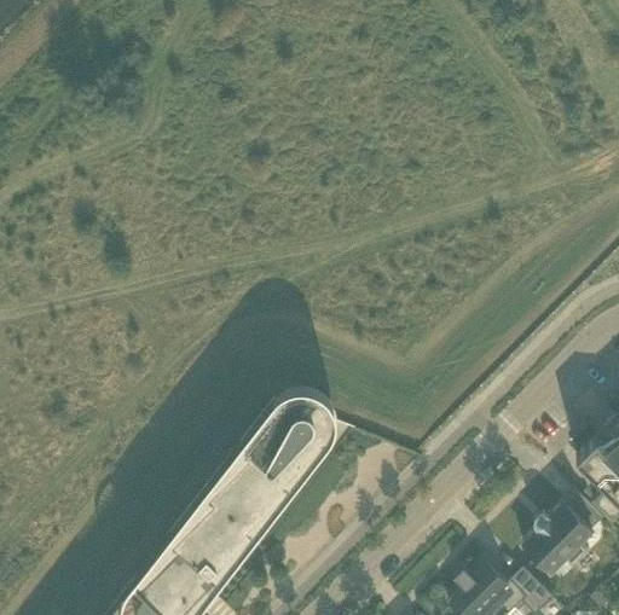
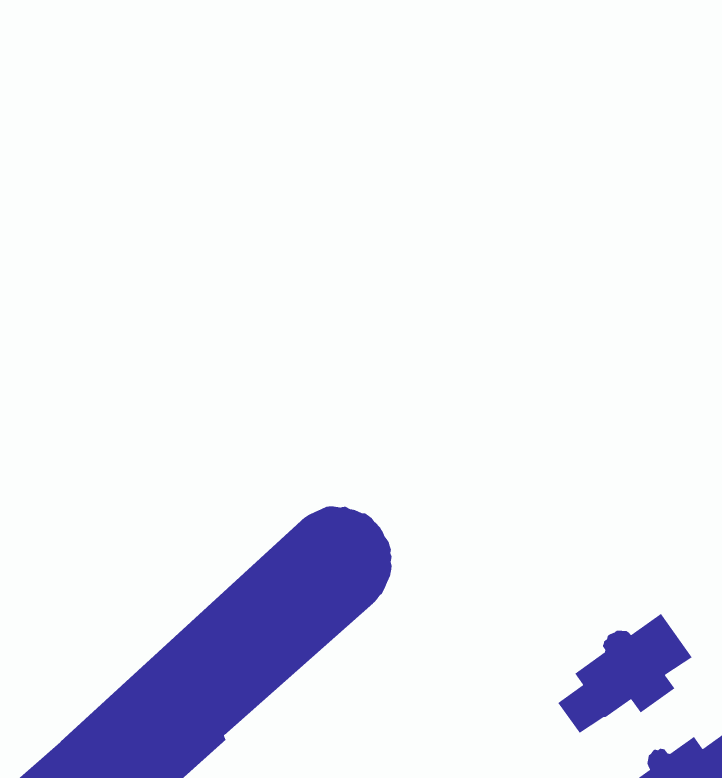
building: none -> [557,613,693,734]

